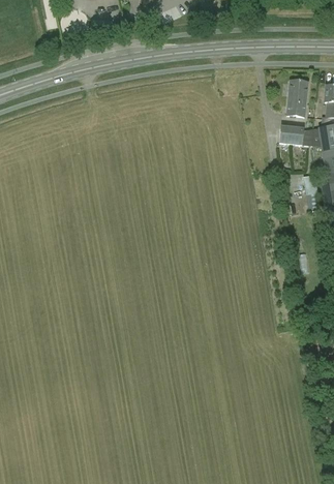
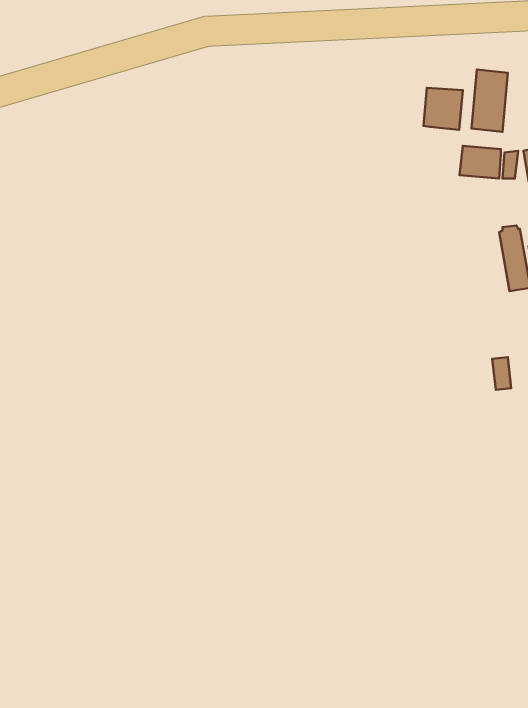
building: none -> [424,88,463,130]

